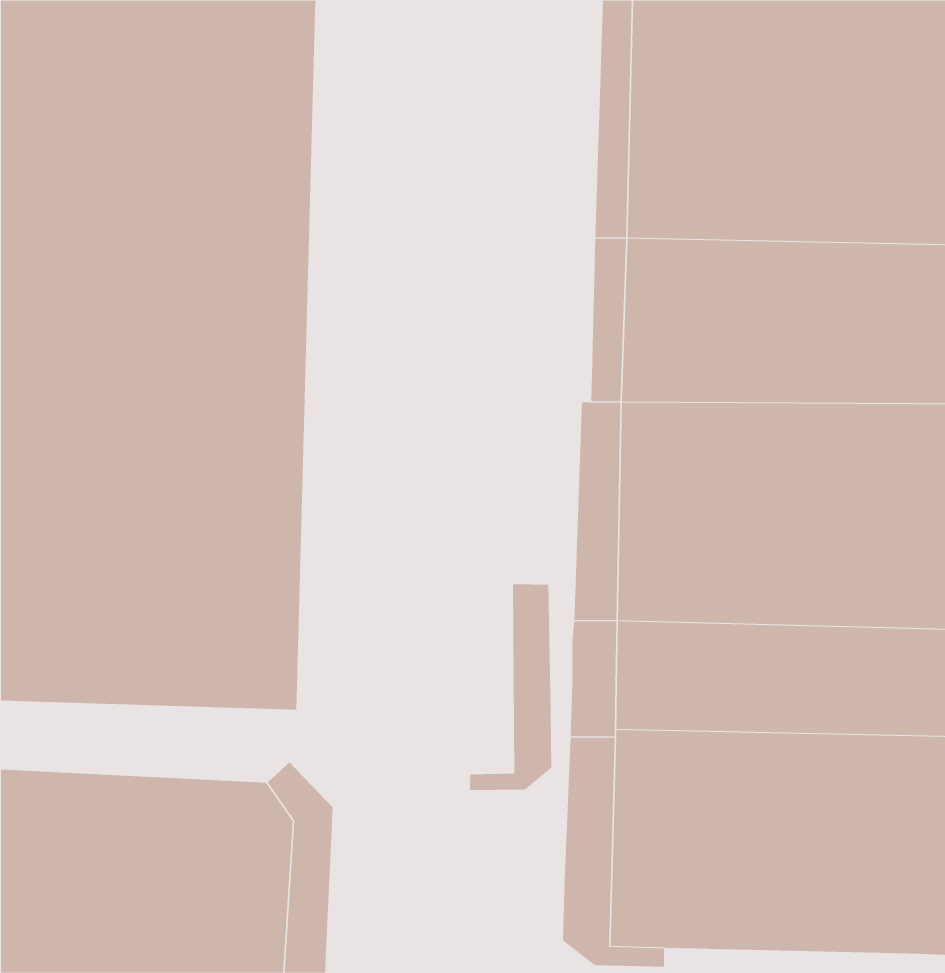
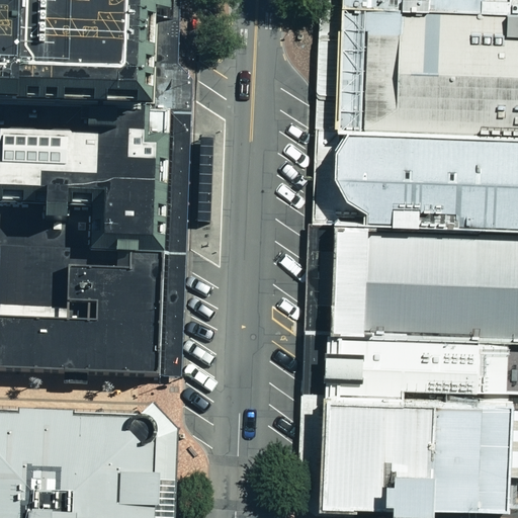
building: [469,584,552,791] -> none

